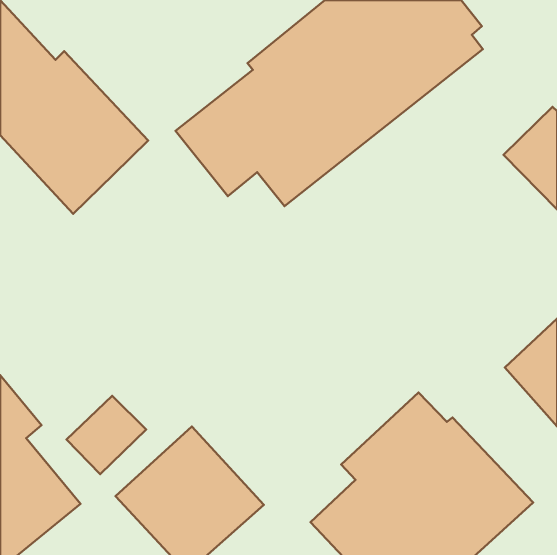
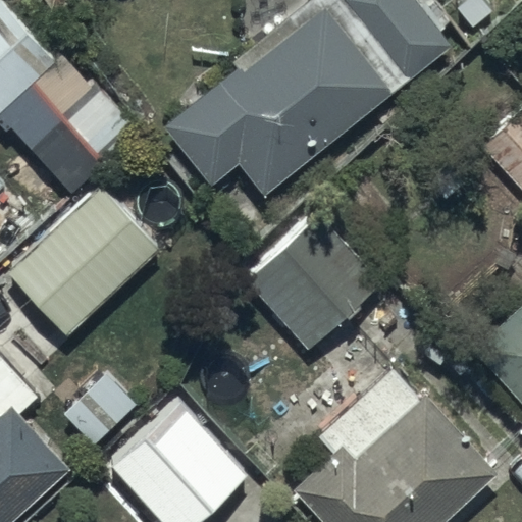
building: none -> [6,181,162,336]
building: none -> [246,212,436,369]

